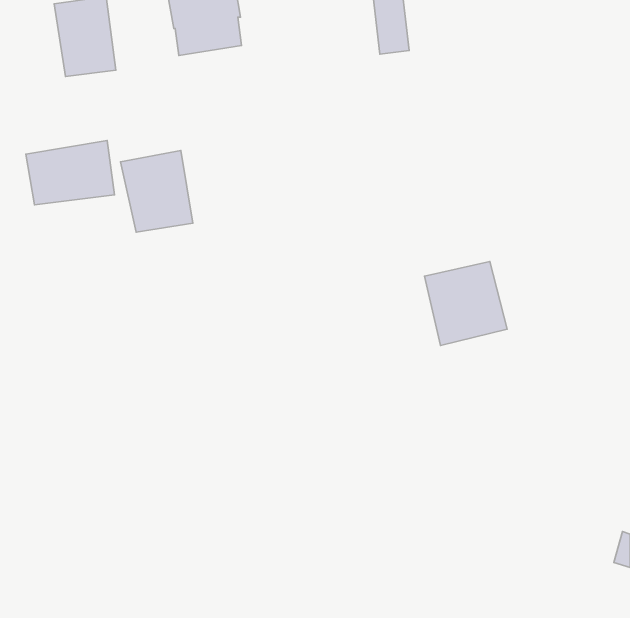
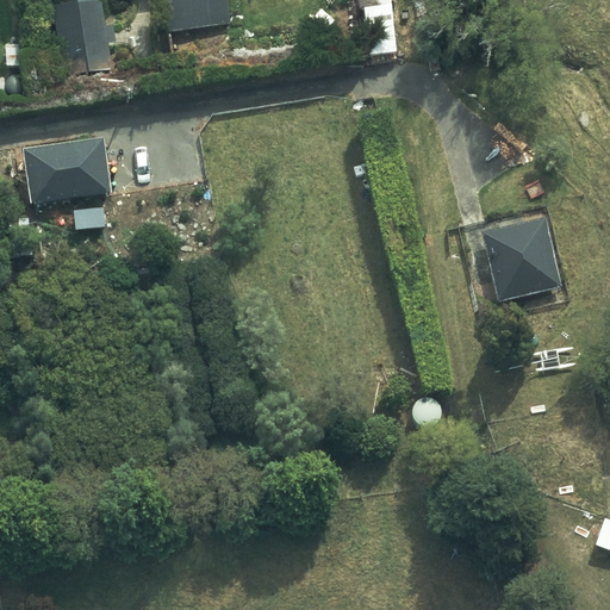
building: [121,150,193,232] -> none
building: [425,261,507,345] -> [481,214,561,295]

